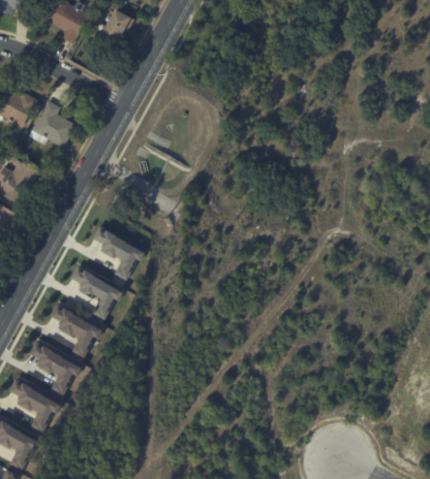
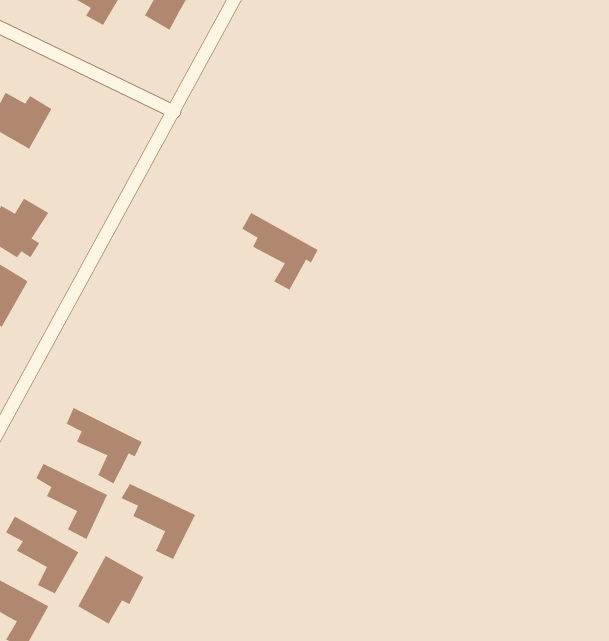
building: [28,99,76,147] -> none
building: [90,225,143,279] -> [242,212,319,290]
building: [67,266,119,319] -> [121,483,196,560]
building: none -> [77,555,144,624]

